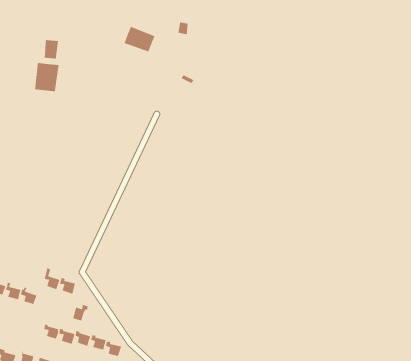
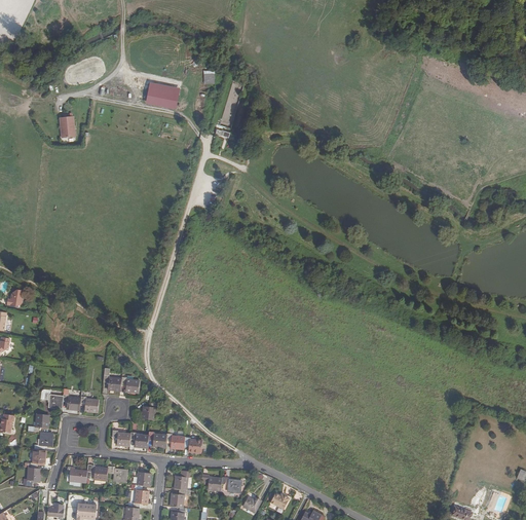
building: [34,62,59,92] -> none

